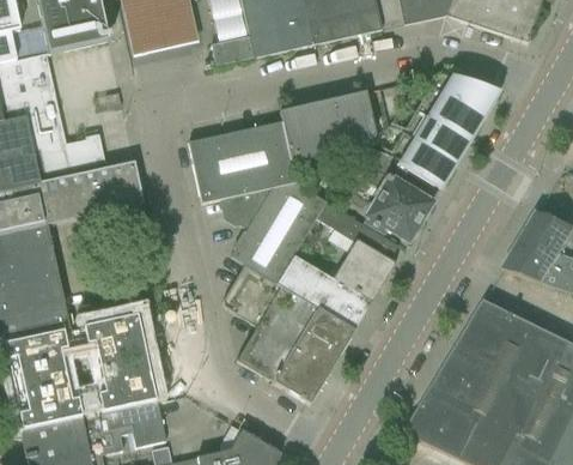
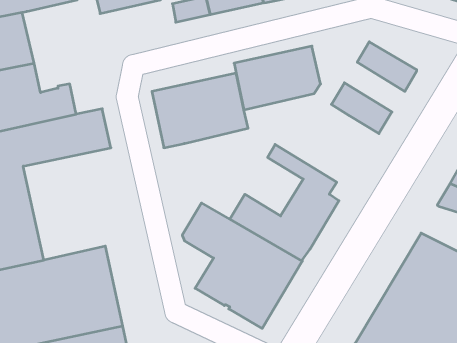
building: [428,73,500,120] -> none
building: [401,109,468,164] -> none
building: [361,151,429,238] -> none
building: [224,182,324,283] -> none

